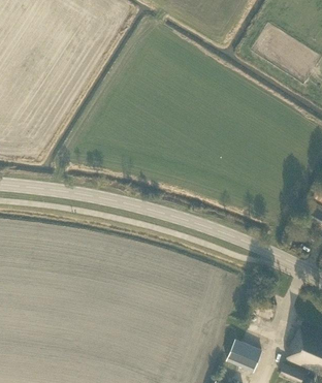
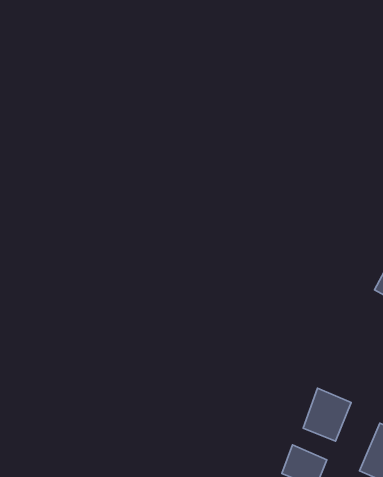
building: none -> [303,388,351,441]

